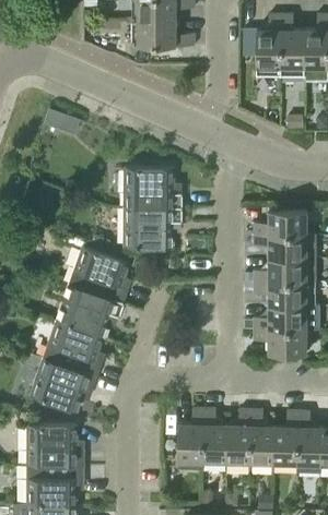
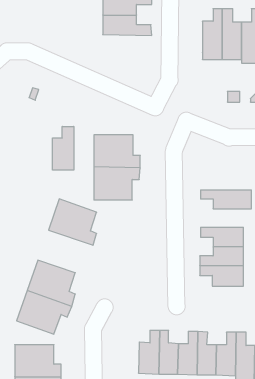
building: none -> [53,126,74,170]
building: [255,211,307,237] -> none
building: [255,260,317,284] -> none
building: [55,286,122,338] -> none

